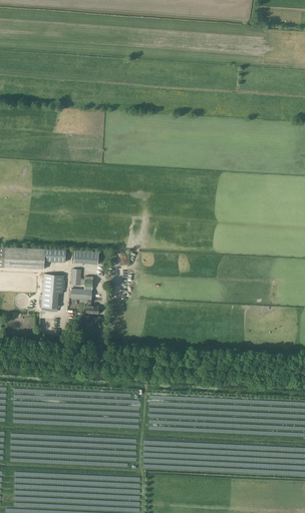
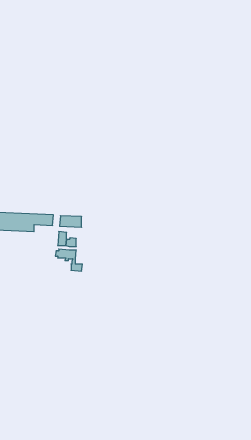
building: [40,274,63,309] -> none

